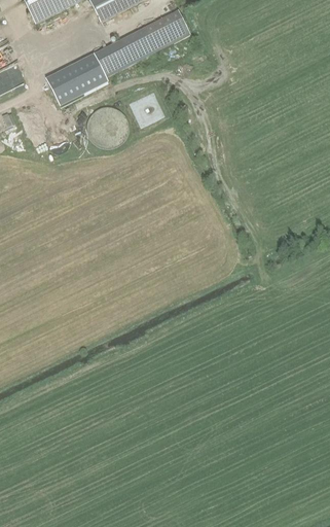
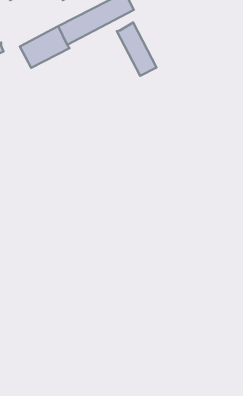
building: none -> [117,22,156,76]

